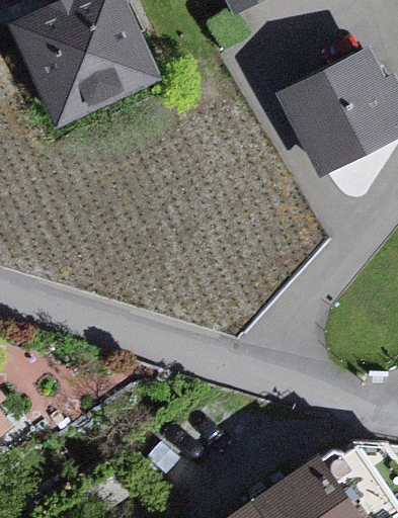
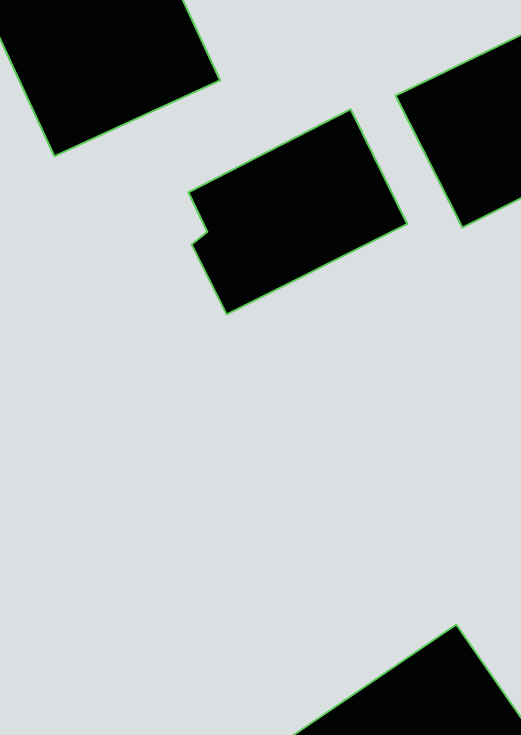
building: none -> [188,109,407,314]

